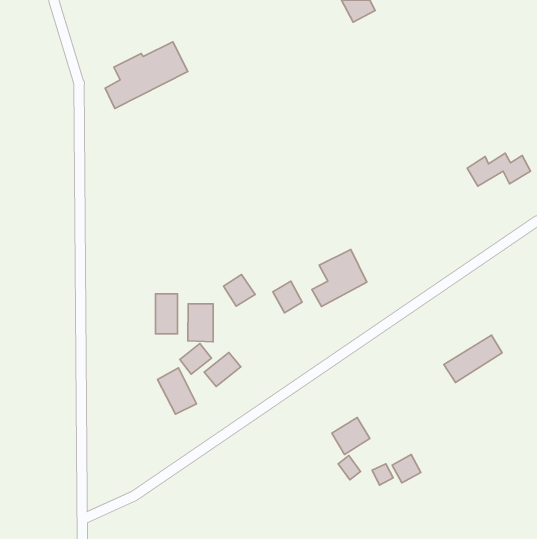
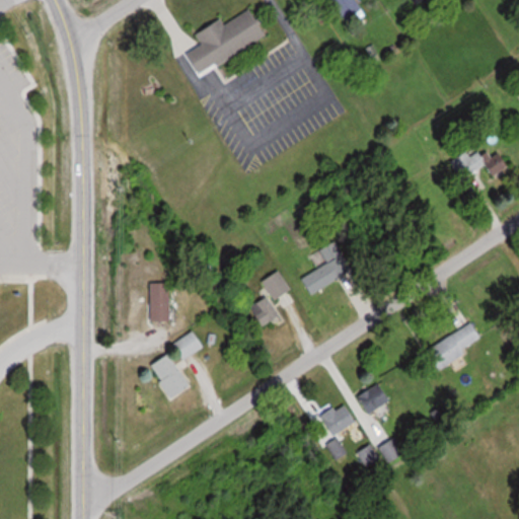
building: [105,42,188,108] -> [187,9,266,73]
building: [223,274,255,306] -> [247,297,278,327]
building: [188,304,213,342] -> none
building: [204,353,241,387] -> none
building: none -> [356,383,390,414]

